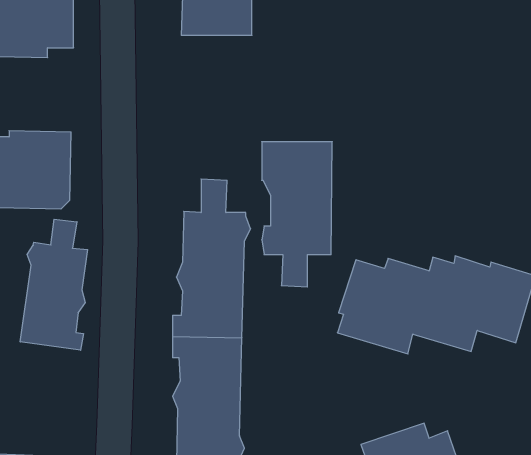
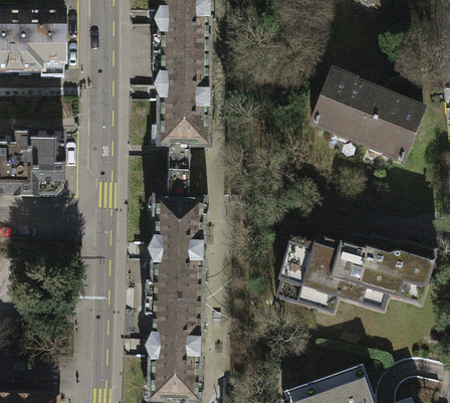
building: none -> [313,68,426,161]
building: [262,142,332,287] -> [151,52,208,170]
building: [20,219,88,350] -> none

